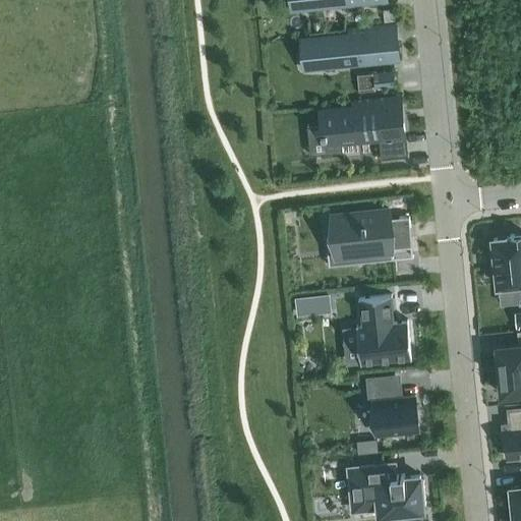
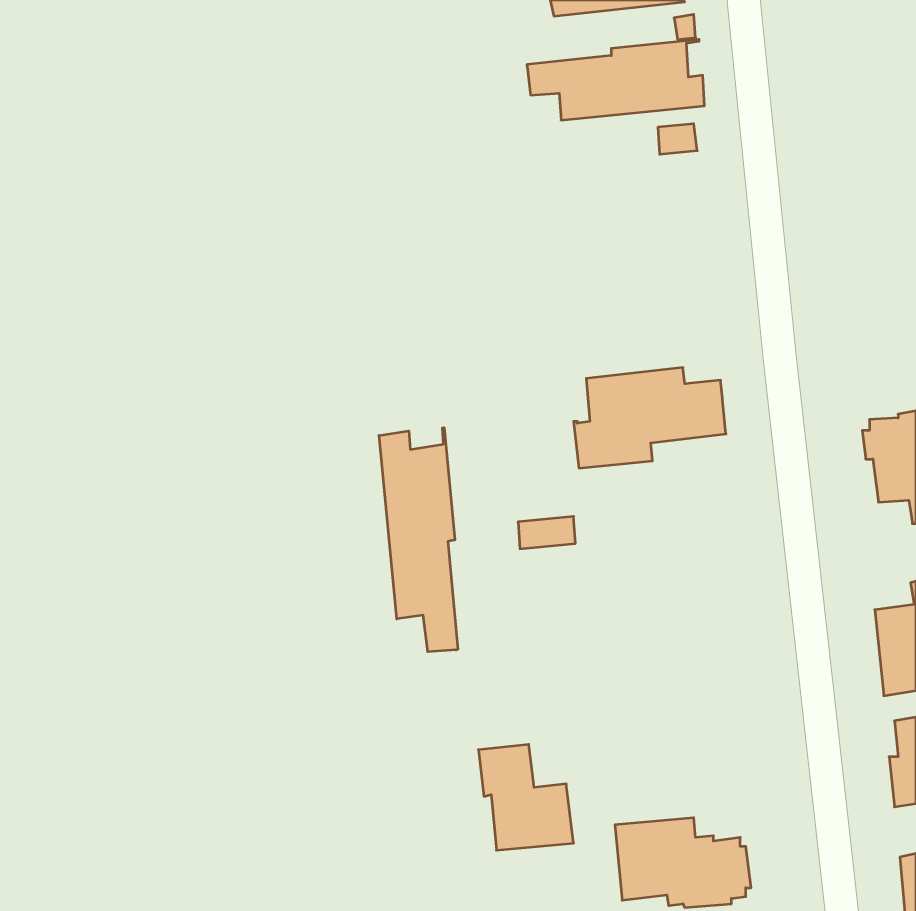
building: [317,98,408,162] -> none
building: none -> [379,428,458,652]
building: [357,297,411,366] -> none
building: [365,377,419,437] -> [478,744,574,850]

